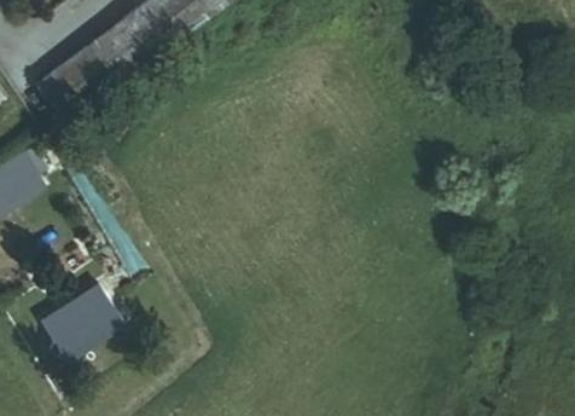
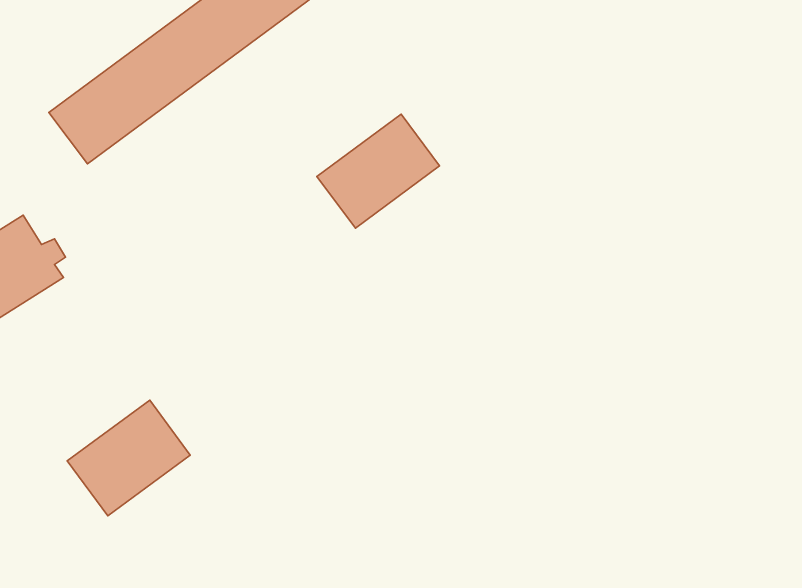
building: none -> [317,114,440,228]

